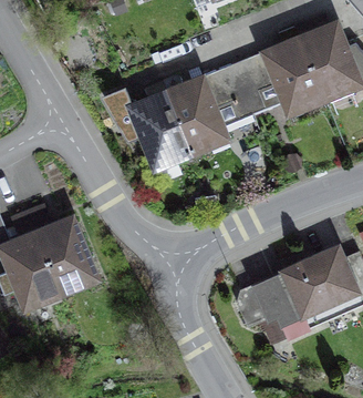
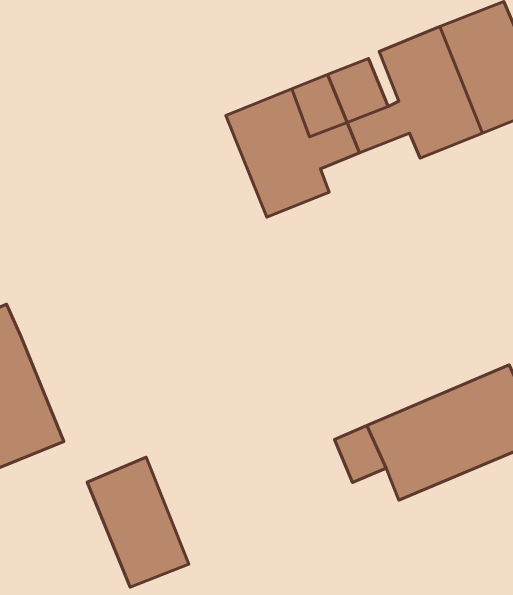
building: [100,79,189,172] -> none
building: [37,215,100,296] -> [87,457,189,587]

